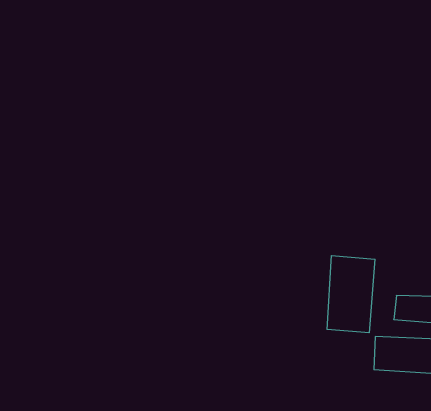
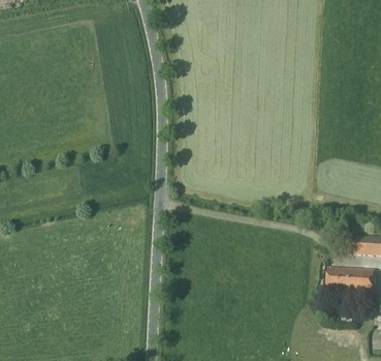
building: [327,256,375,333] -> none

